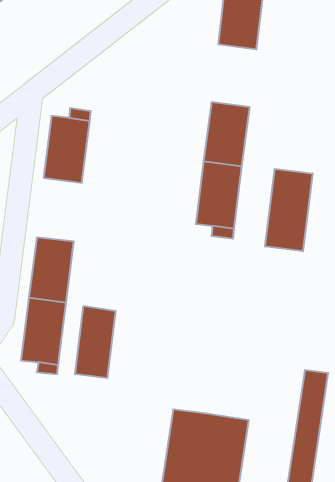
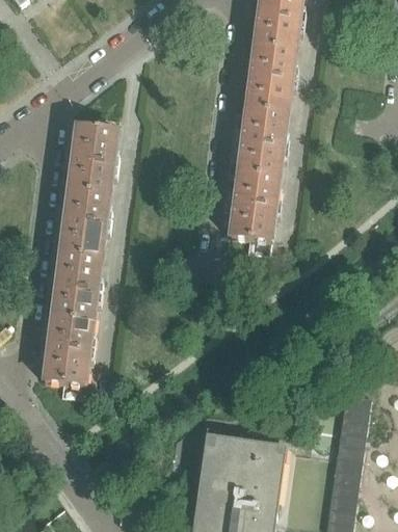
building: none -> [246,49,294,115]
building: [265,169,313,251] -> none
building: none -> [61,190,109,258]
building: [75,306,116,378] -> none

